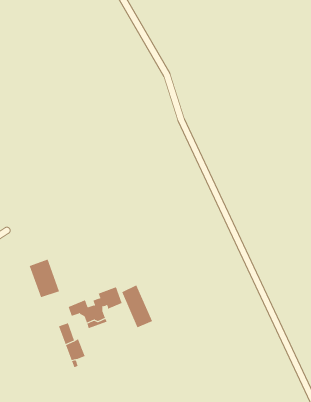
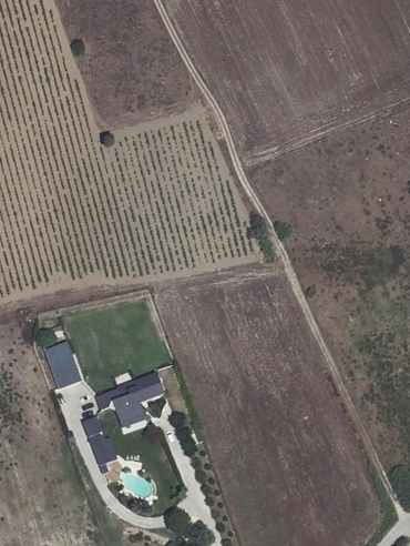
building: [122,285,153,328] -> none

